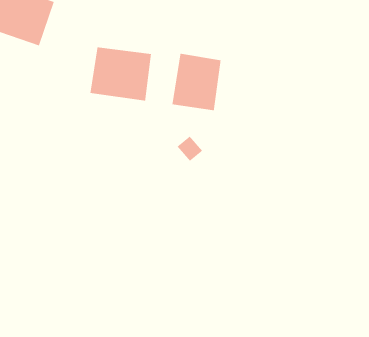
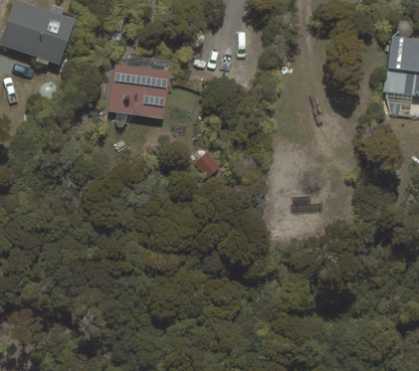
building: [171,53,222,111] -> none

